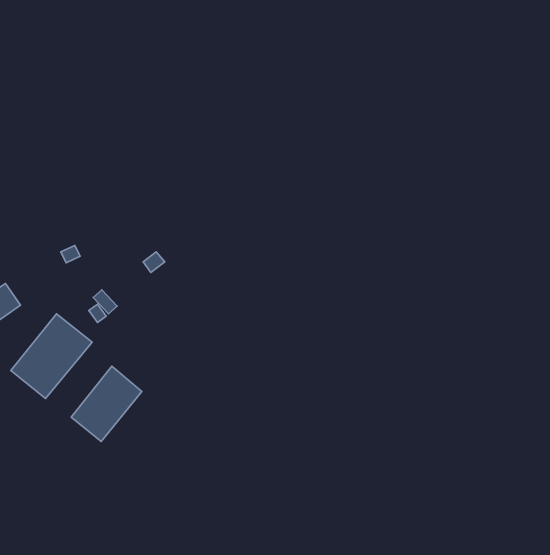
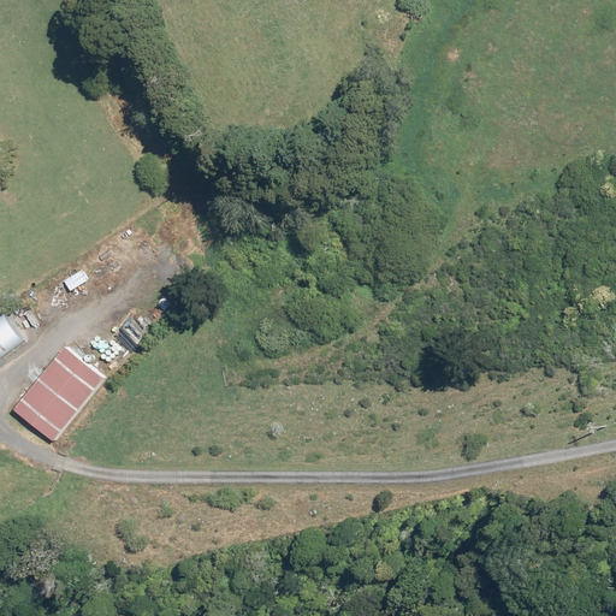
building: [71,366,142,442] -> none

